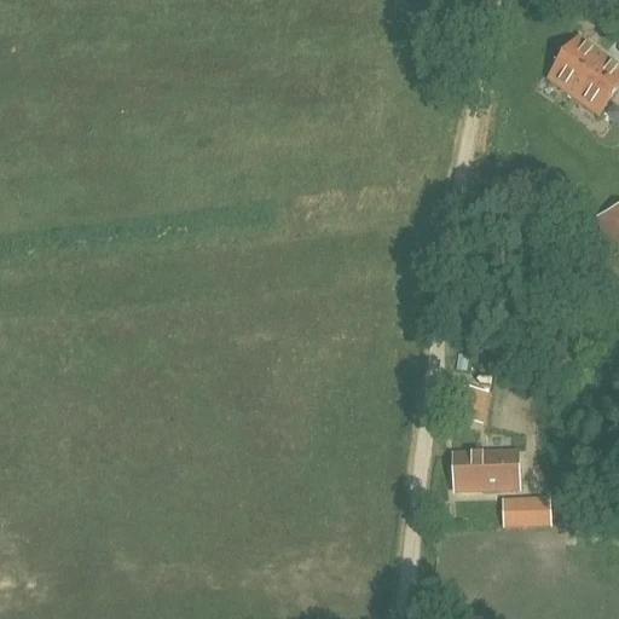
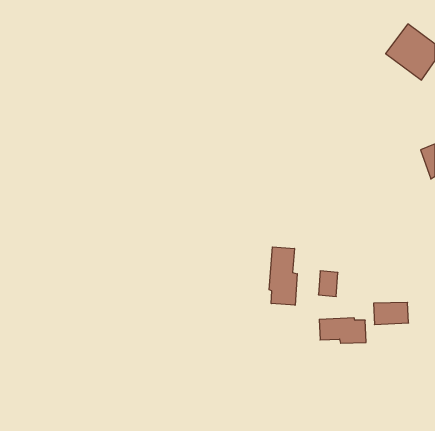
building: none -> [269,247,297,305]
building: [502,494,551,526] -> [374,302,409,325]

